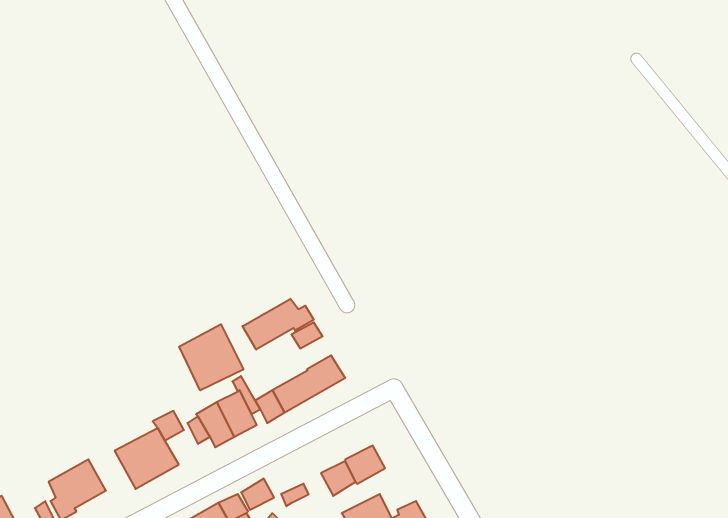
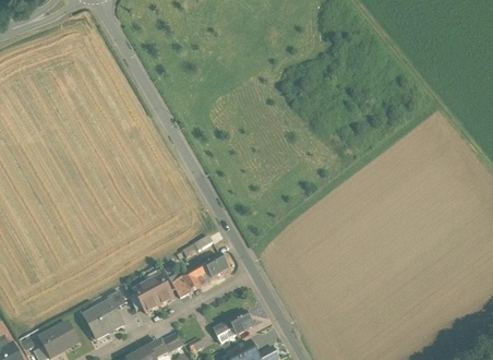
building: [242,299,314,350] -> none
building: [179,324,243,390] -> none

